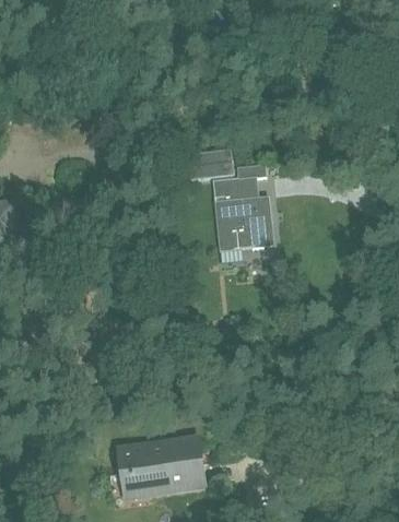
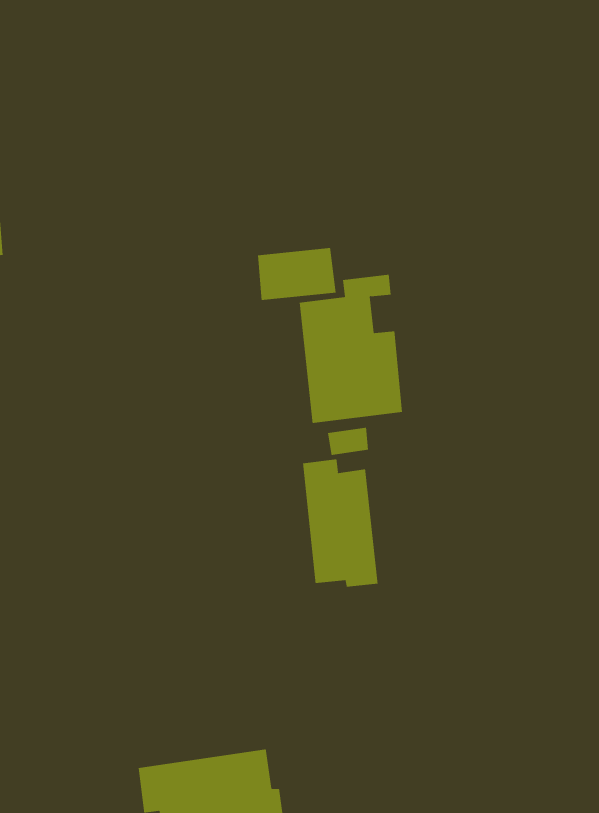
building: none -> [303,458,378,588]

